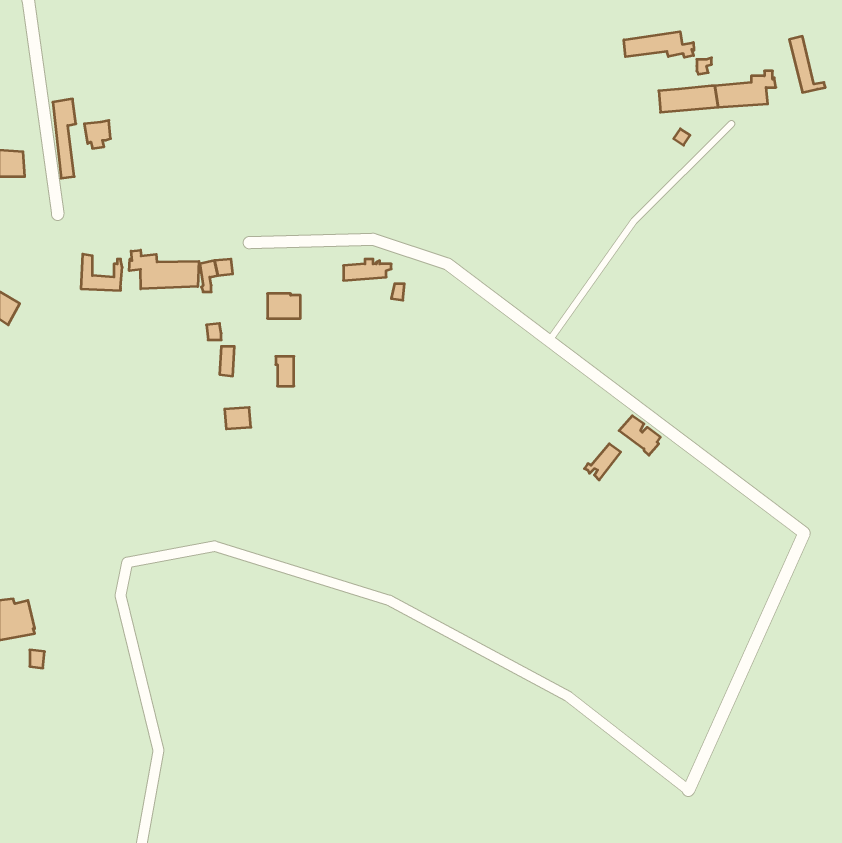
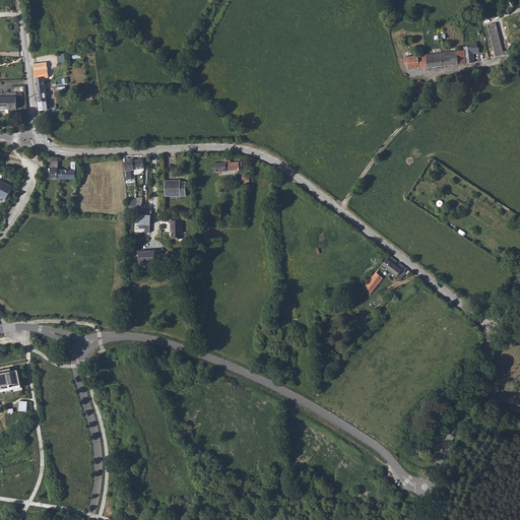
building: [624,32,694,57] -> none
building: [129,250,199,289] -> none

